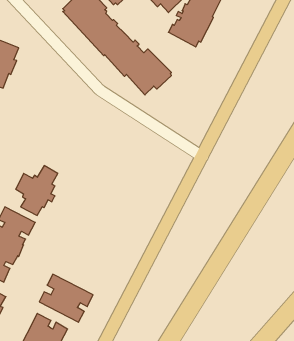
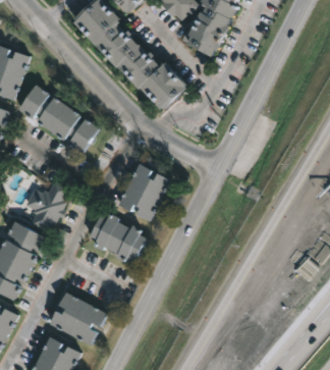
building: none -> [17,84,98,152]
building: none -> [117,163,170,221]
building: none -> [88,212,146,262]

